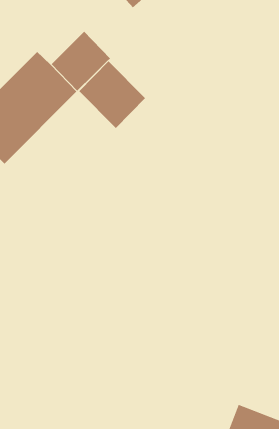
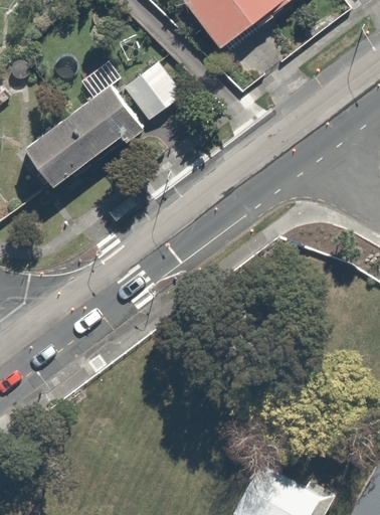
building: [79,60,146,129] -> none

